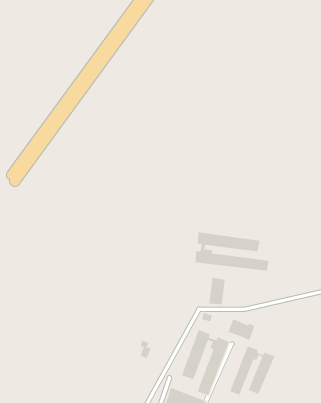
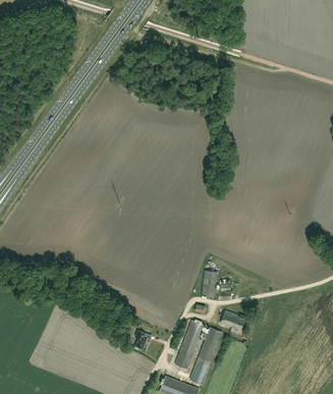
building: [195,232,269,271] -> none
building: [230,345,275,396] -> none

